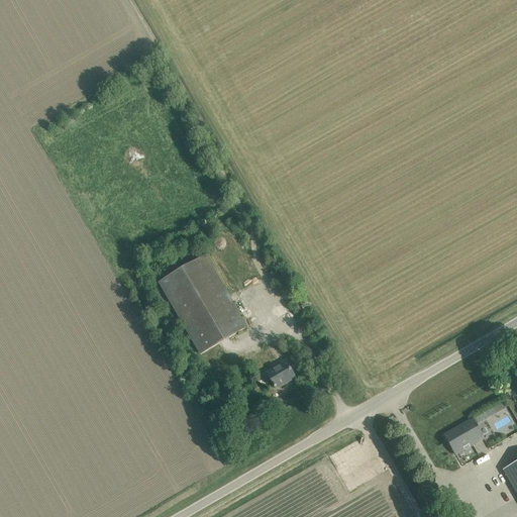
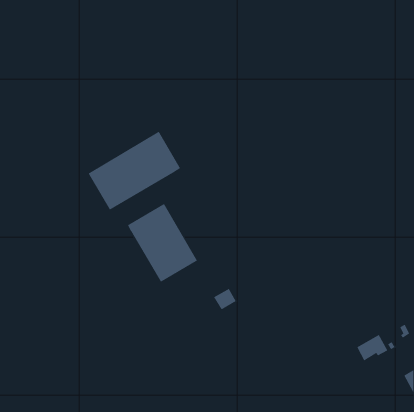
building: none -> [88,131,181,211]

